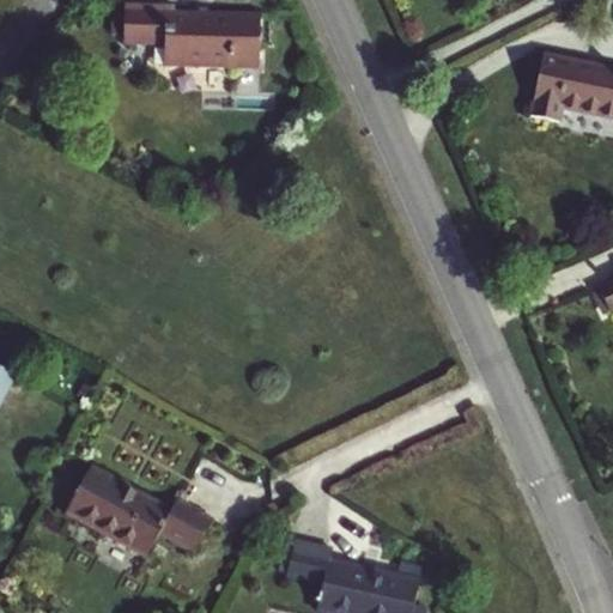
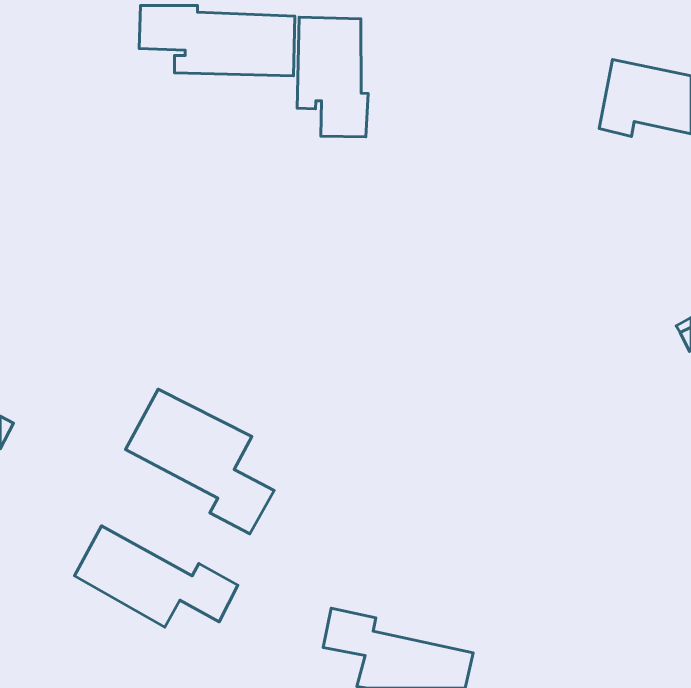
building: none -> [297,17,368,137]
building: none -> [126,389,274,534]

